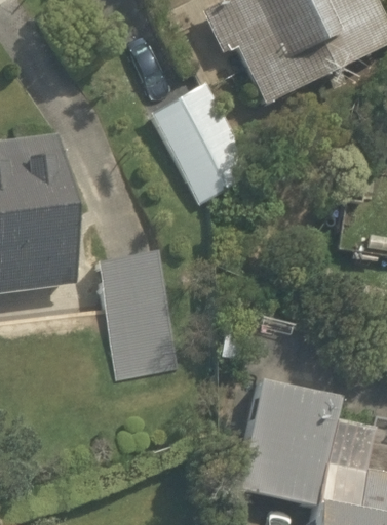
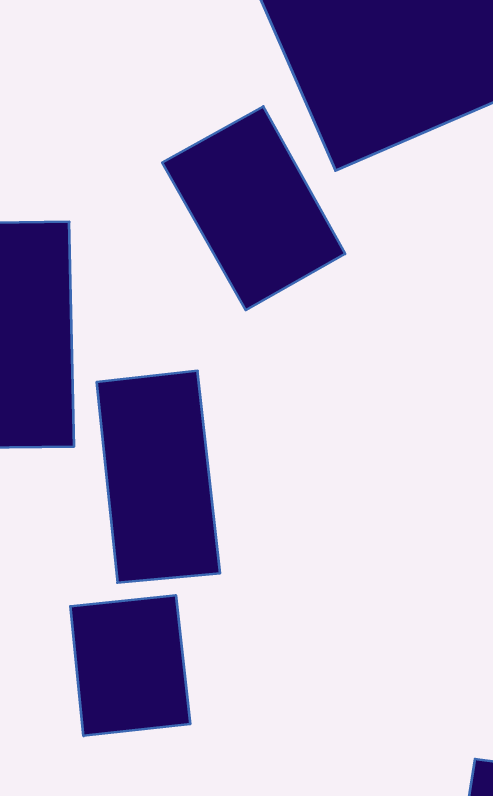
building: none -> [70,595,190,736]
building: [245,383,339,496] -> none

